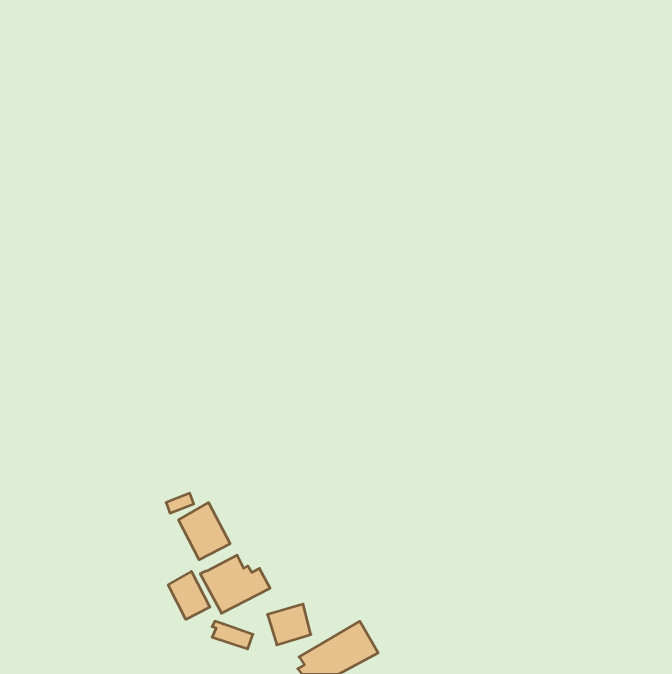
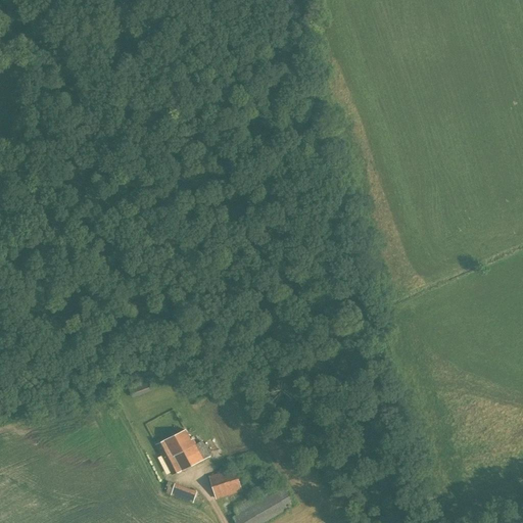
building: [179,503,230,560] -> none
building: [168,571,210,619] -> none

